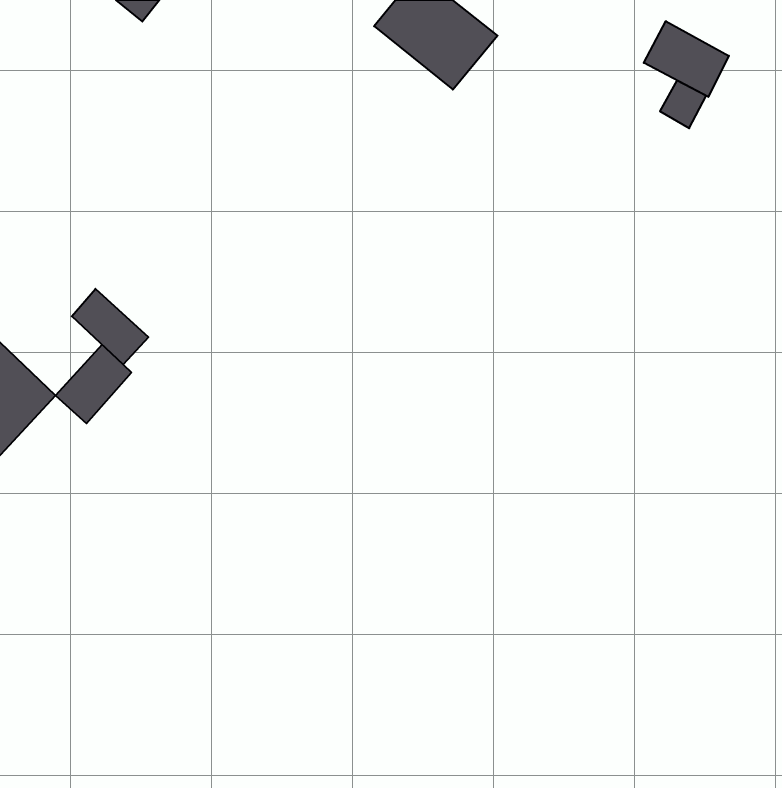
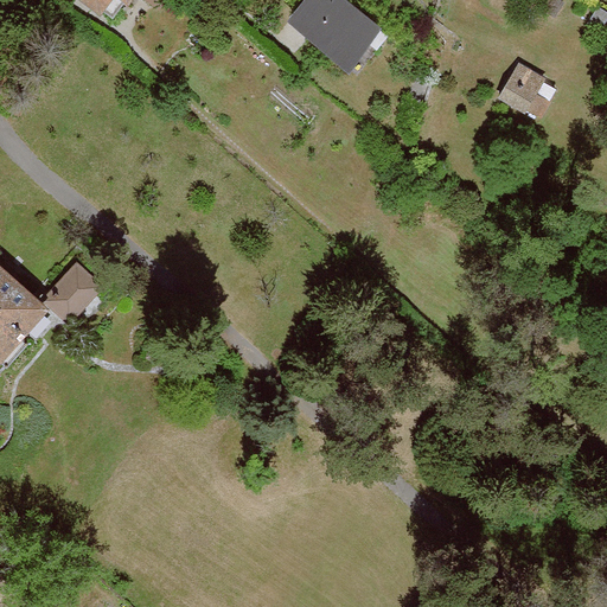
building: [644,21,729,97] -> none
building: [72,289,148,364] -> none

